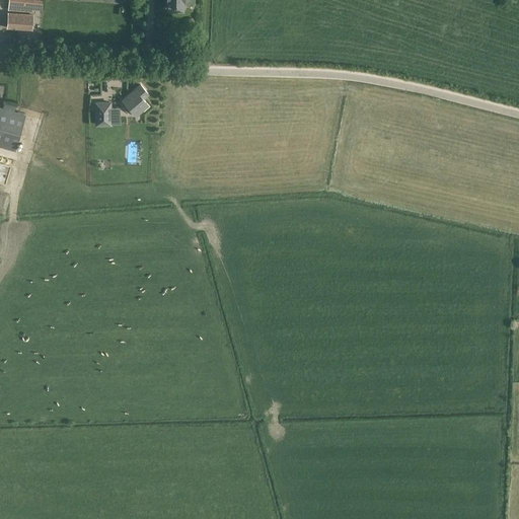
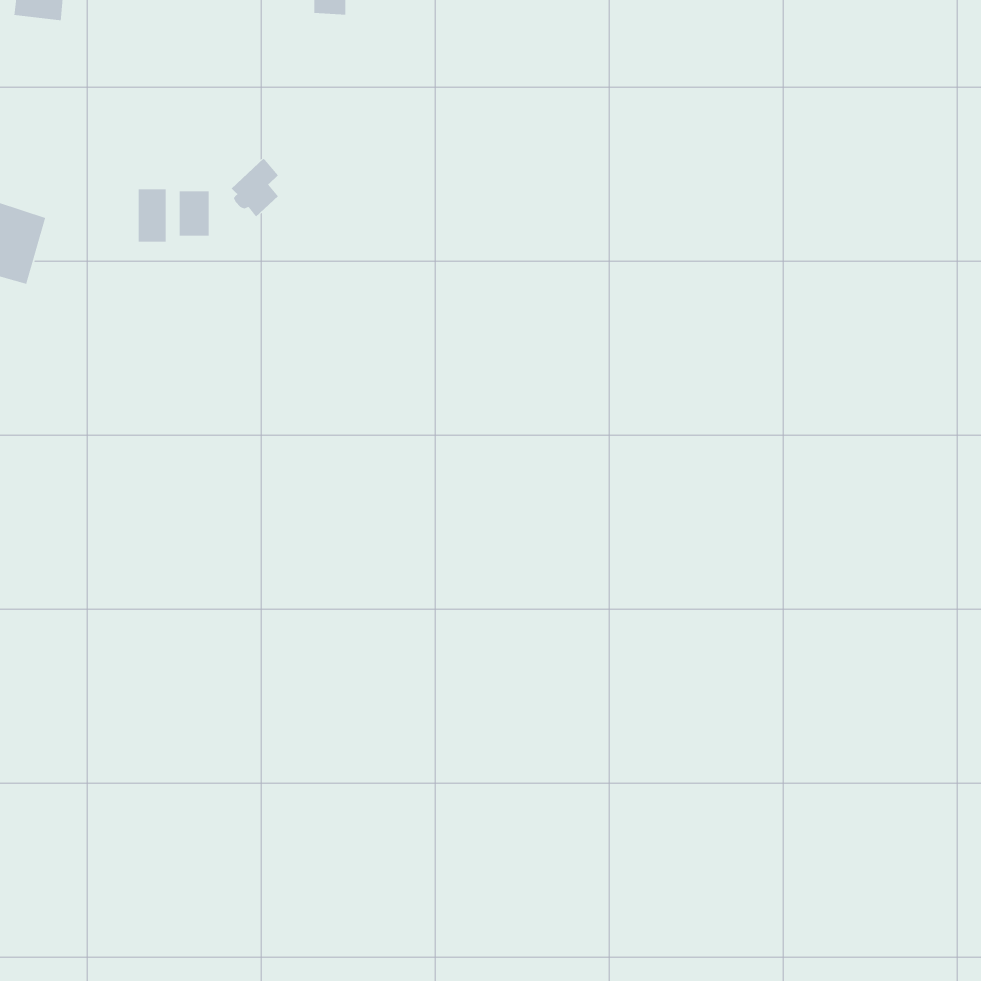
building: [6,12,32,28] -> none
building: none -> [138,188,167,242]

